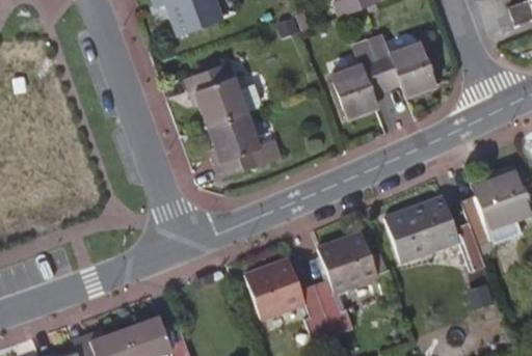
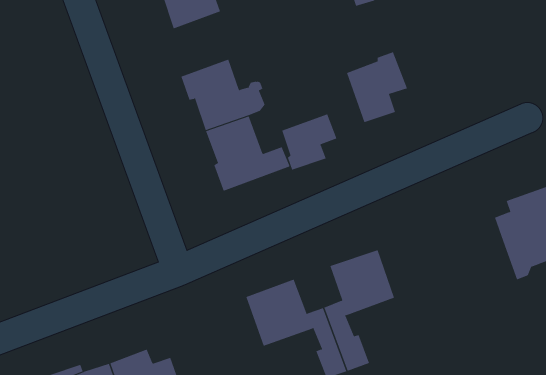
building: [374,44,434,98] -> none
building: none -> [282,114,337,170]
building: [385,198,485,272] -> none

